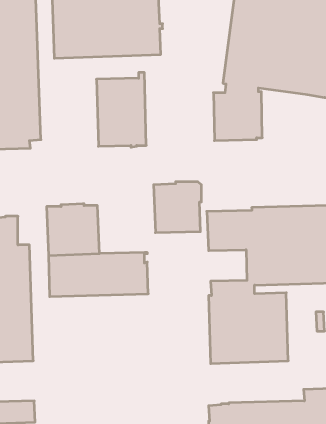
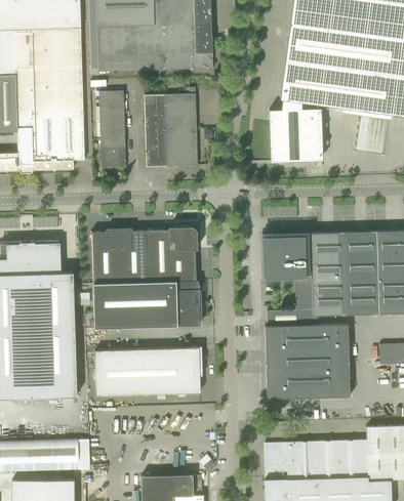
building: none -> [95,91,126,169]
building: [154,182,201,233] -> [146,227,197,282]
building: none -> [95,346,203,396]

